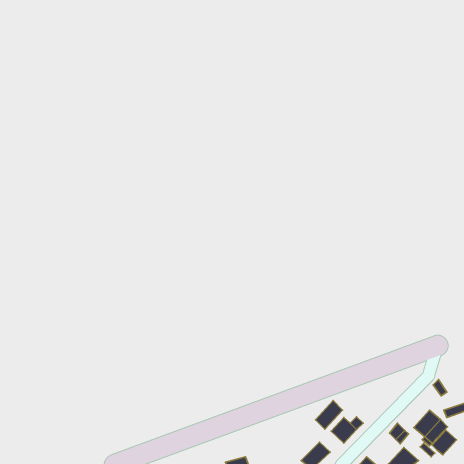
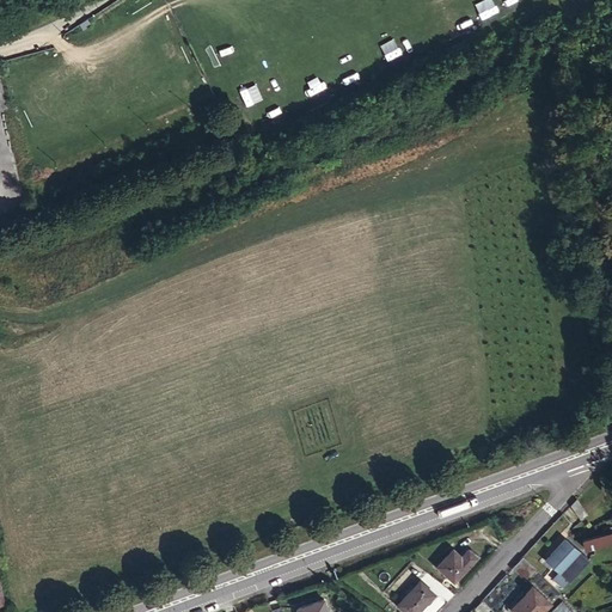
building: [315,401,343,429] -> none
building: [432,430,456,455] -> none

